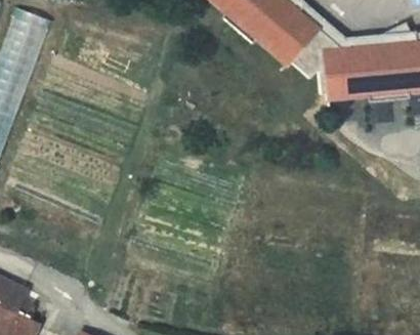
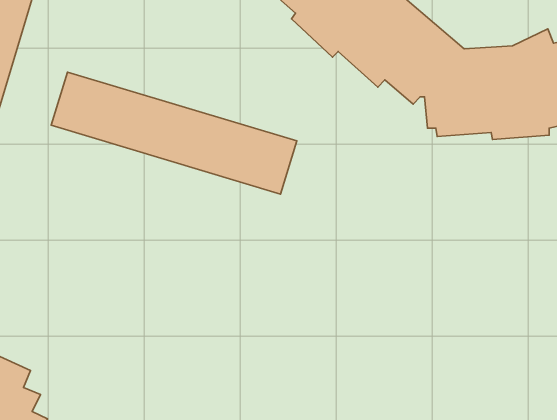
building: none -> [51,72,297,194]

